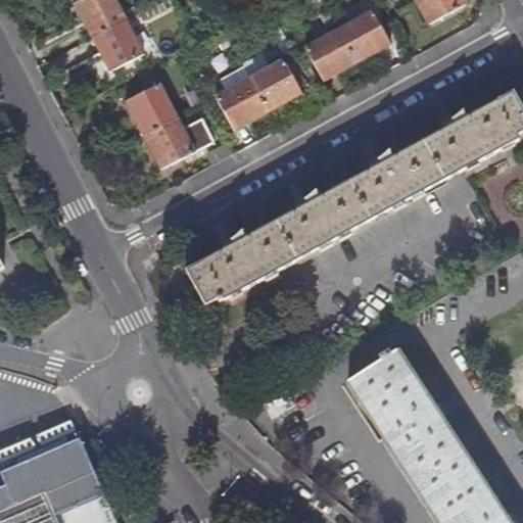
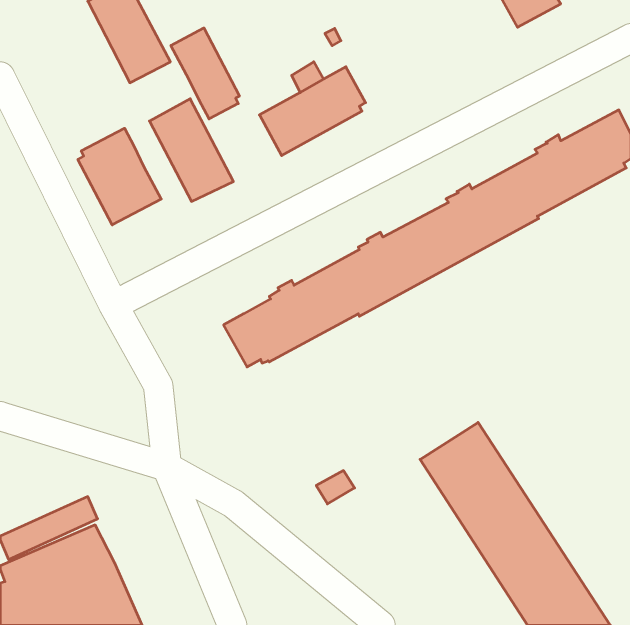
building: [304,9,390,80] -> none
building: none -> [171,28,239,119]
building: none -> [78,128,161,225]

